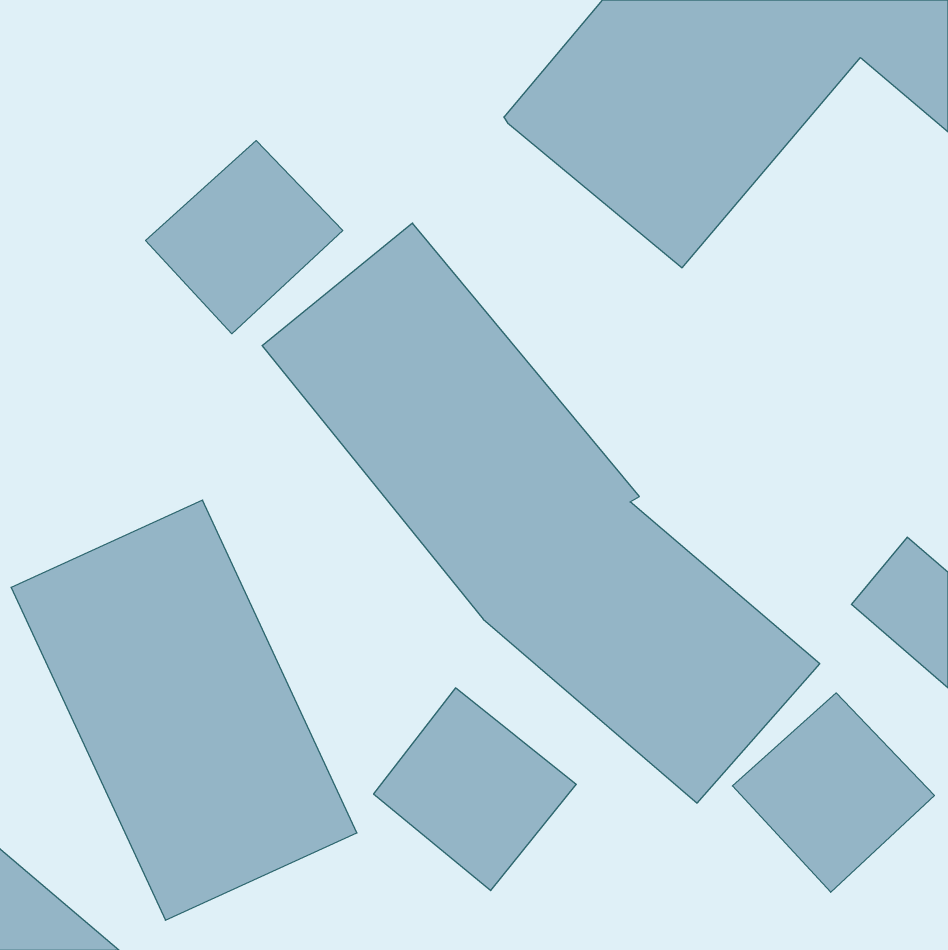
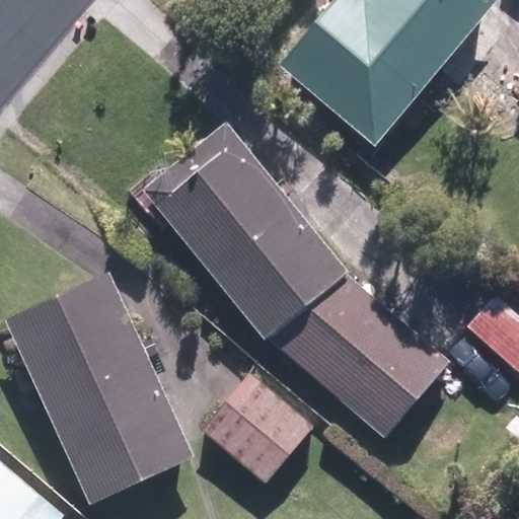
building: [146,141,343,334] -> none
building: [732,693,934,892] -> none

